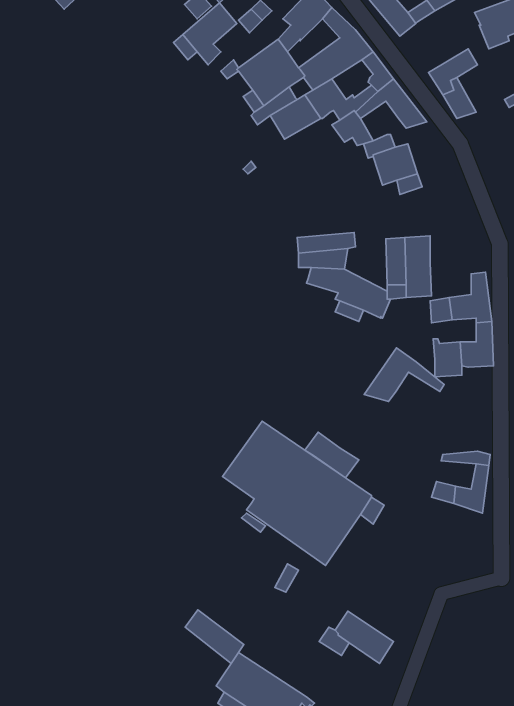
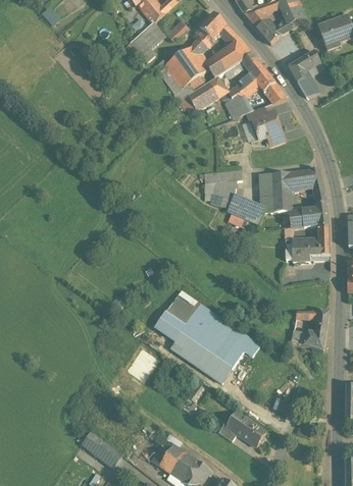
building: none -> [288,167,323,196]
building: [364,348,444,402] -> none
building: [305,432,359,478] -> none
building: [185,610,244,664] -> [82,432,119,467]

